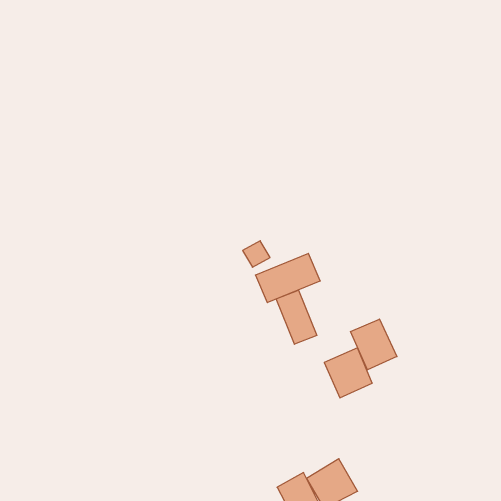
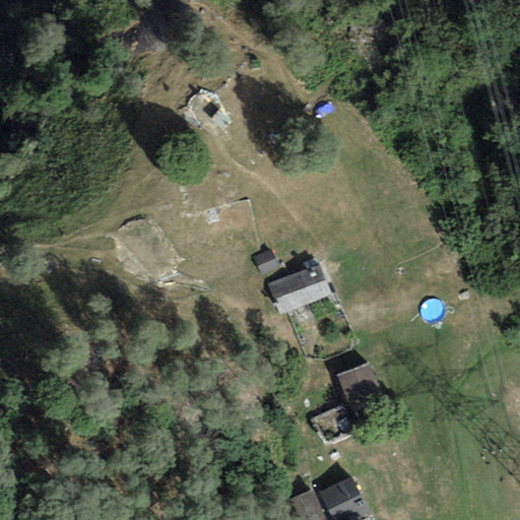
building: [276,290,317,344] -> none
building: [350,319,397,370] -> none

